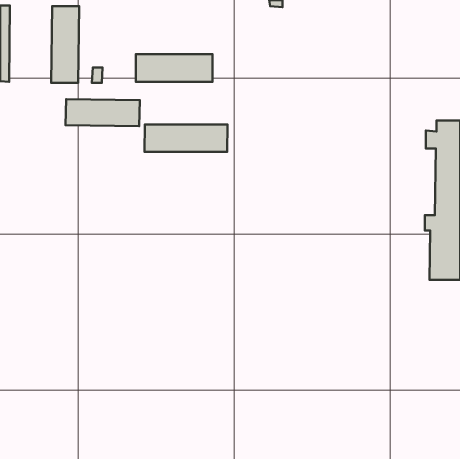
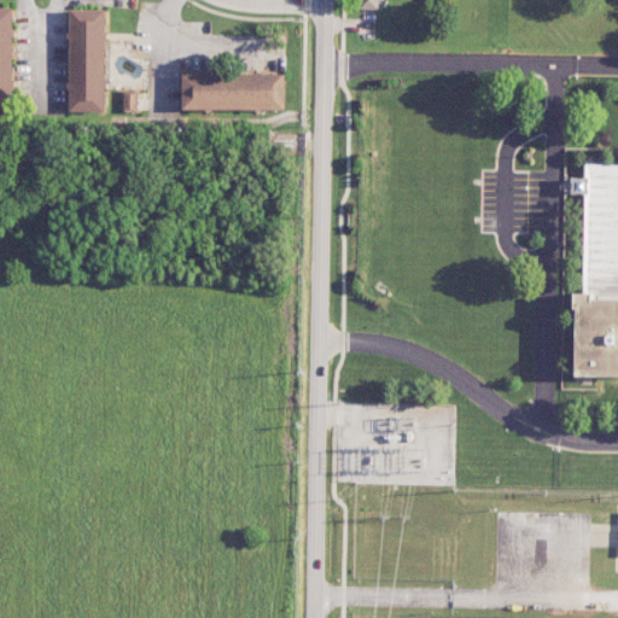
building: [65,99,140,126] -> none
building: [145,124,228,152] -> none

